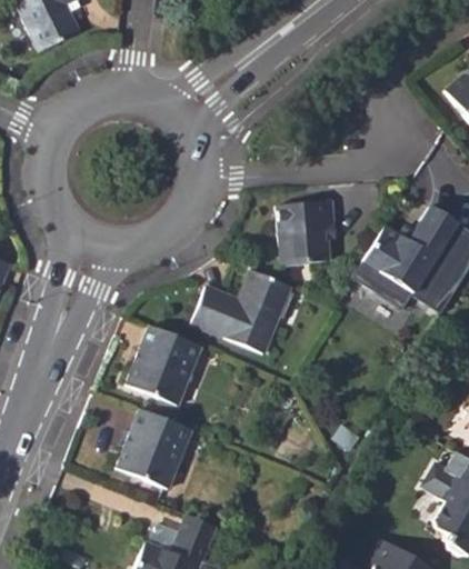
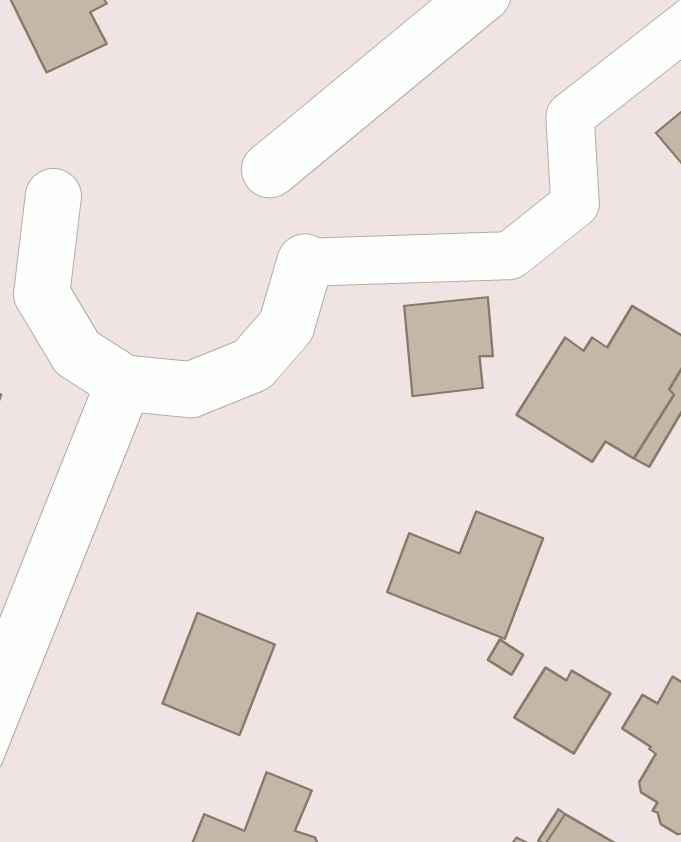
building: [191,270,295,355] -> [387,511,543,639]
building: [127,326,201,405] -> none
building: none -> [514,668,610,753]

